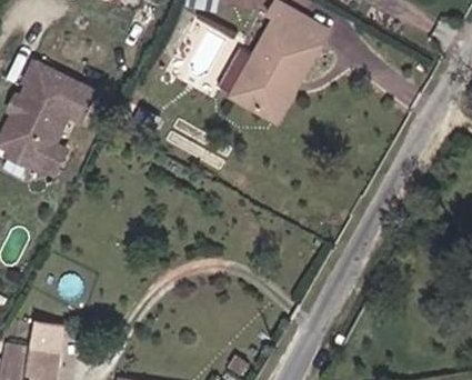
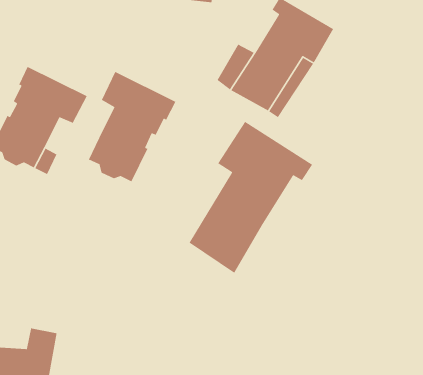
building: none -> [88,71,177,182]
building: none -> [189,121,313,274]

